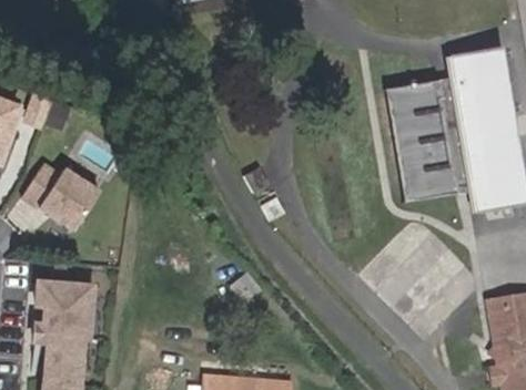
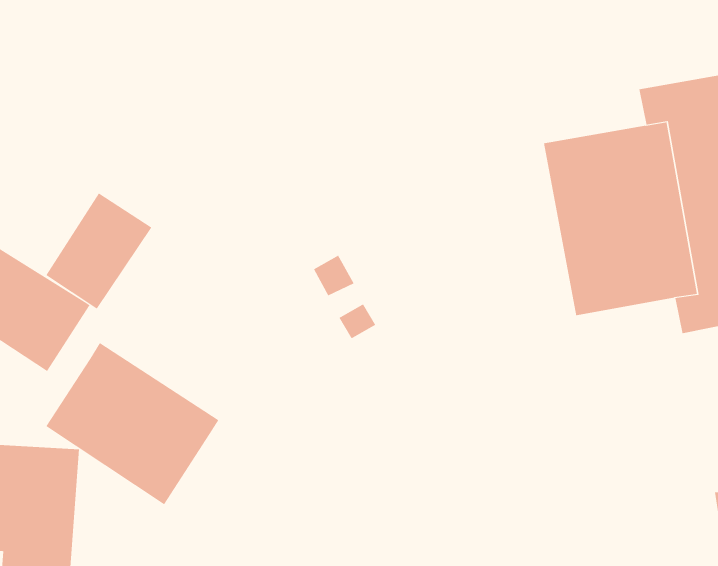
building: none -> [45,192,152,309]
building: none -> [46,342,219,505]

